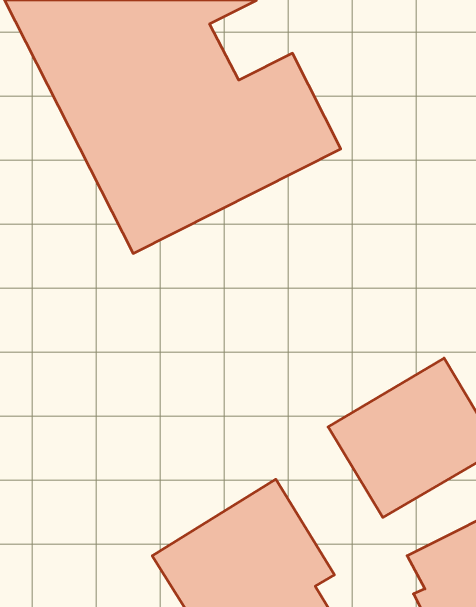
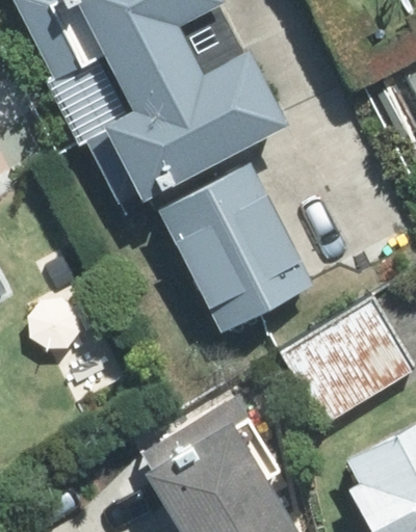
building: none -> [157,160,315,329]

